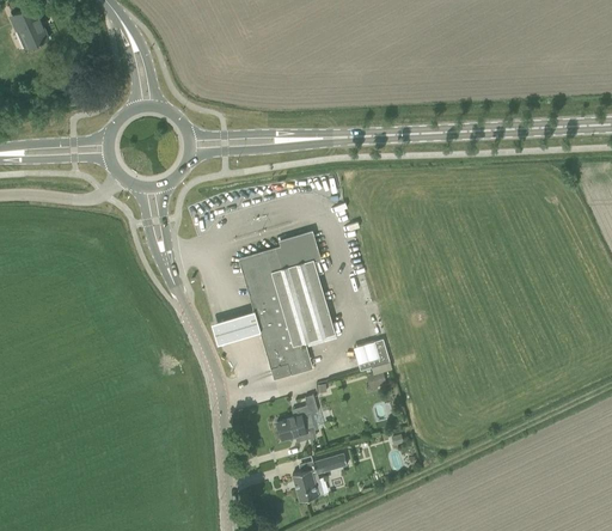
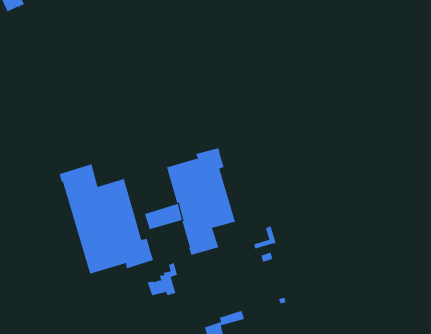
building: none -> [59,164,154,275]
building: [276,395,318,440] -> [147,262,178,296]

